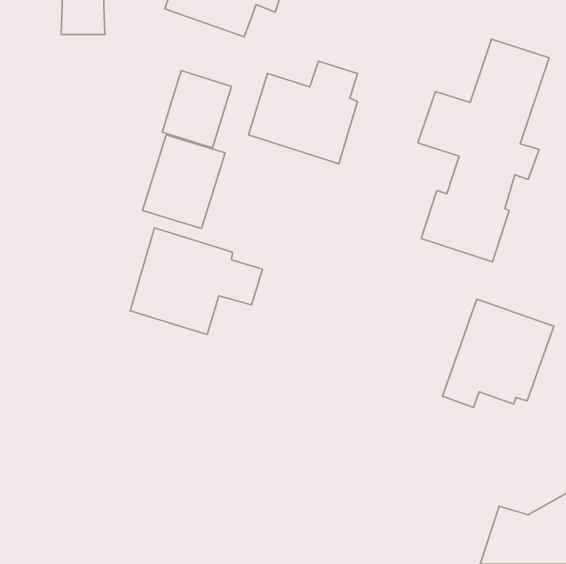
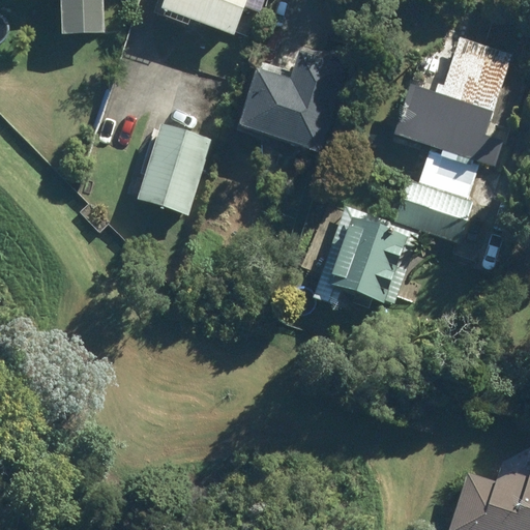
building: [162,70,232,148] -> none
building: [130,228,262,335] -> none
building: [442,299,554,407] -> [315,208,418,308]

